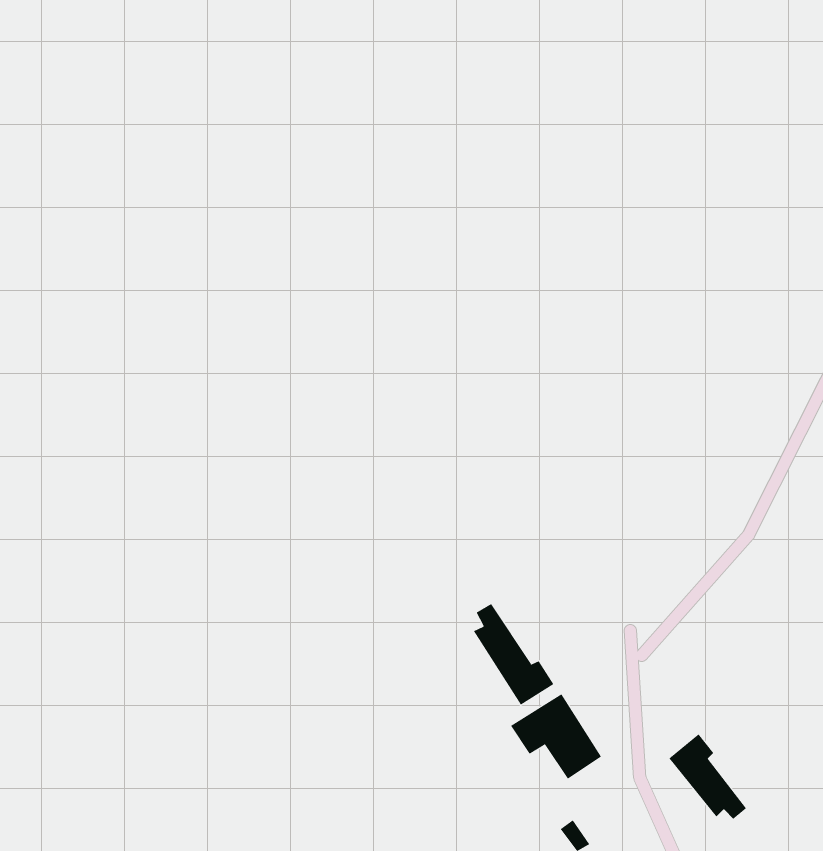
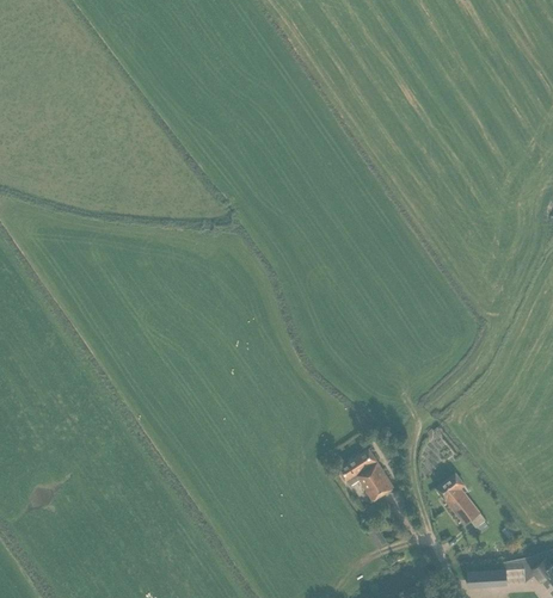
building: [473,603,554,705] -> none

